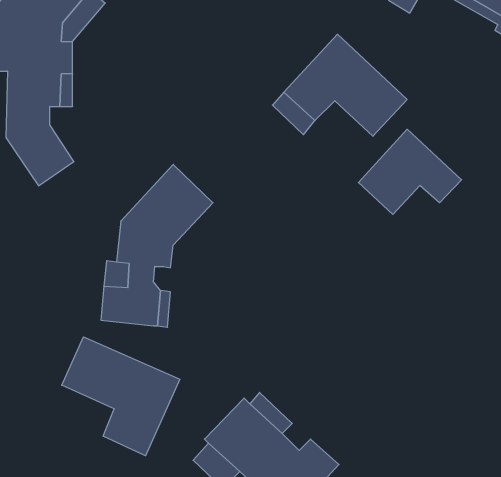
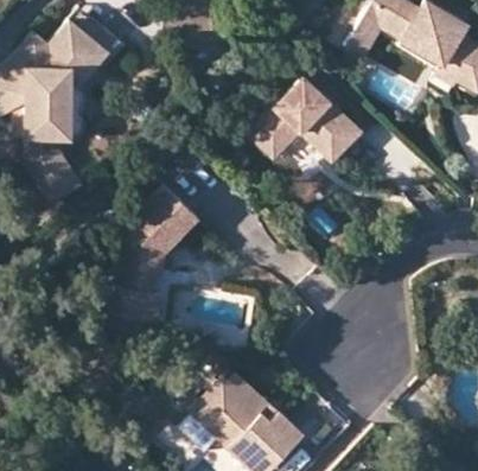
building: [358,129,462,214] -> none
building: [62,337,180,456] -> none

